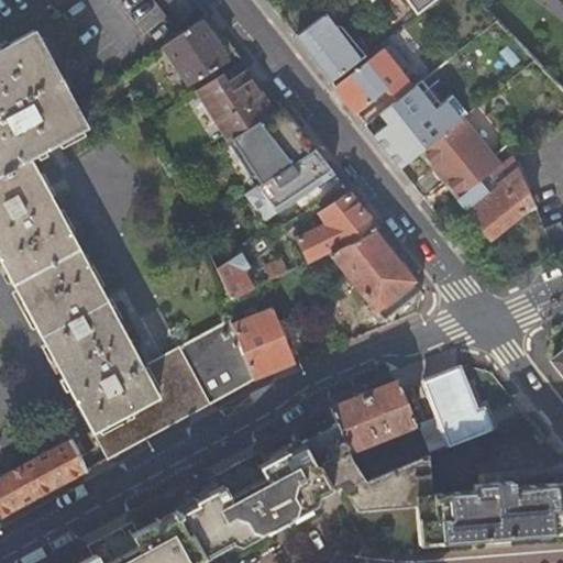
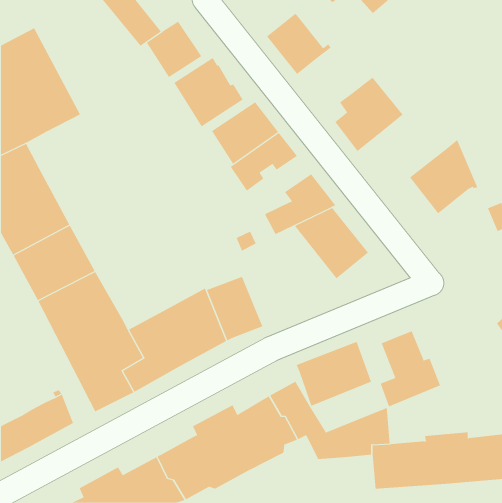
building: [336,51,413,115] -> none
building: [422,120,499,198] -> none
building: [217,254,253,300] -> none

